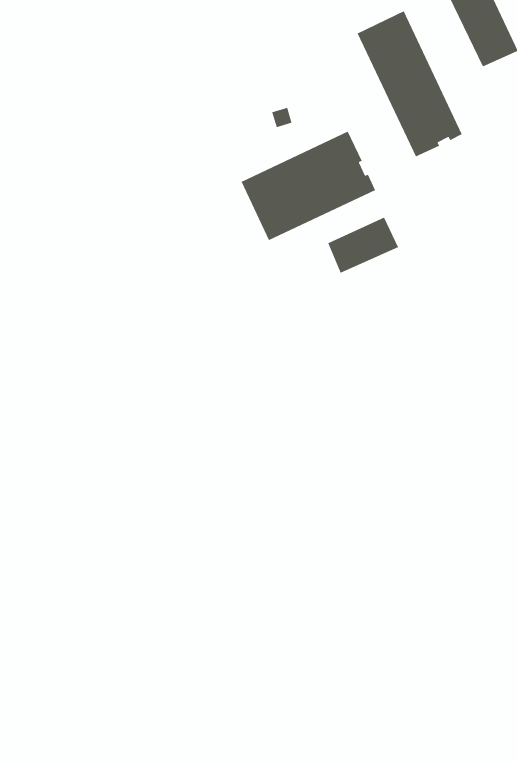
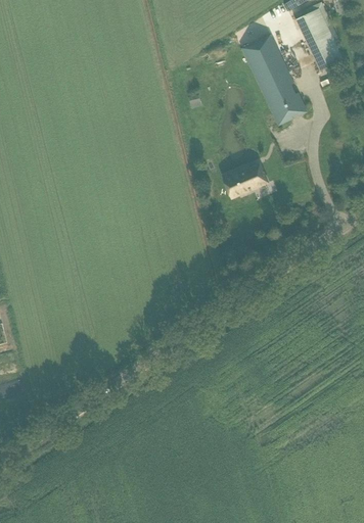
building: [241,131,376,241] -> none

